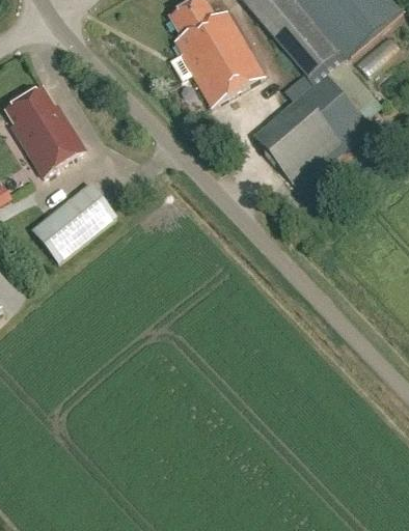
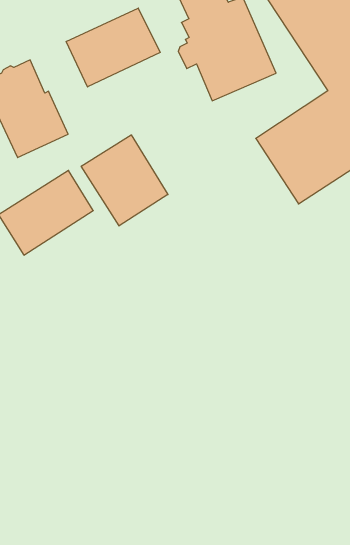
building: none -> [66,8,160,87]
building: none -> [81,135,168,226]

